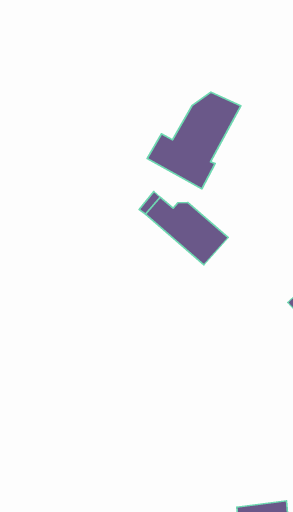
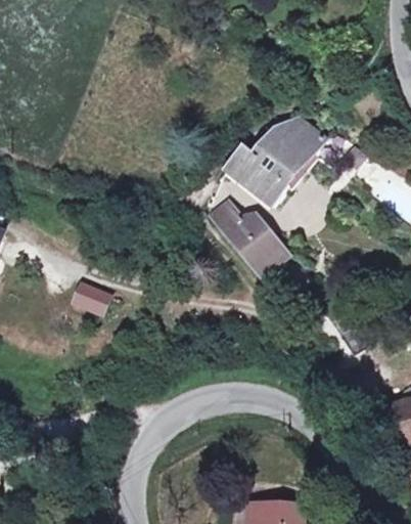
building: none -> [67,278,110,316]

